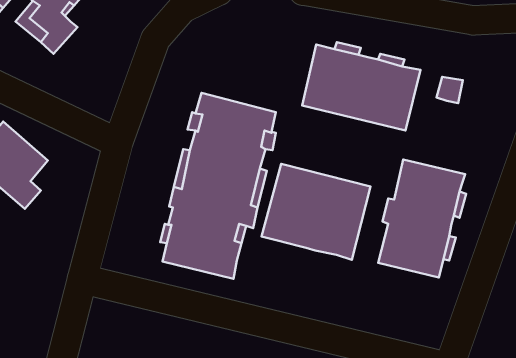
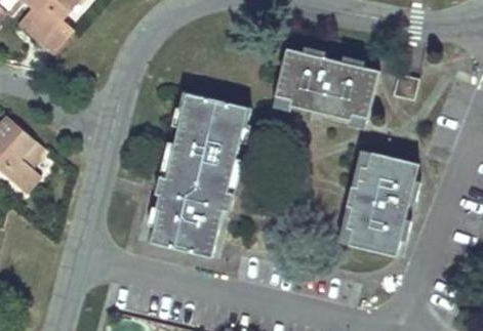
building: [262,164,370,260] -> none

